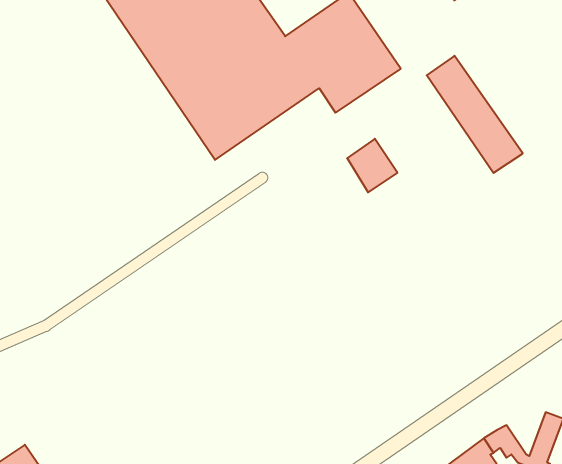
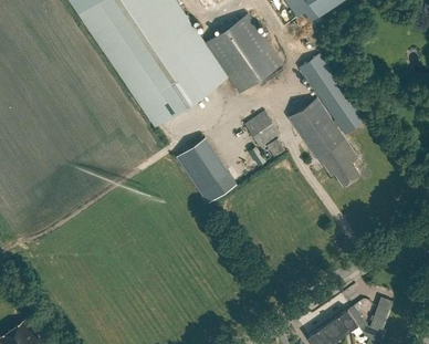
building: none -> [289,98,360,186]
building: none -> [177,138,237,204]

